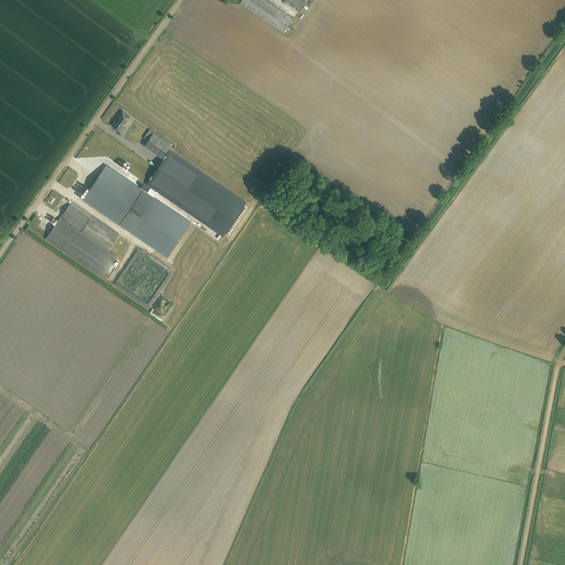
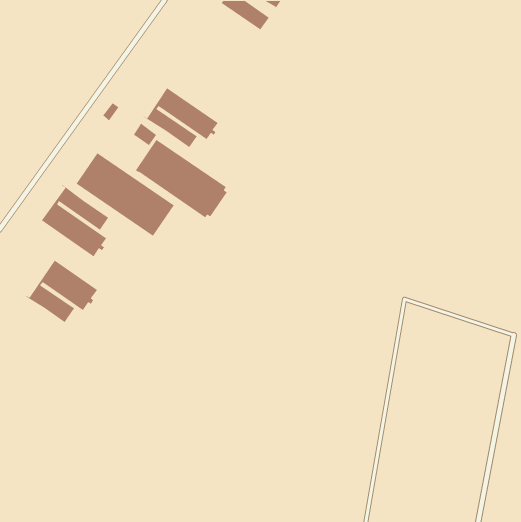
building: none -> [143,87,219,148]
building: none -> [25,259,98,323]

